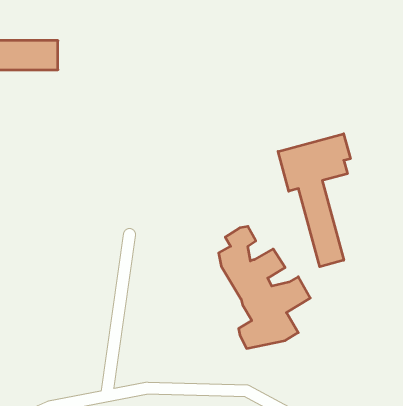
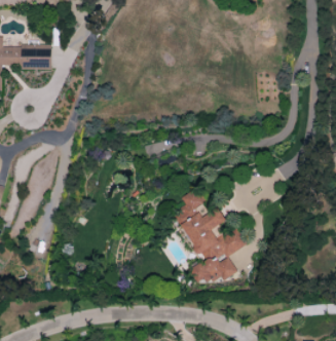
building: [278,134,350,267] -> none

